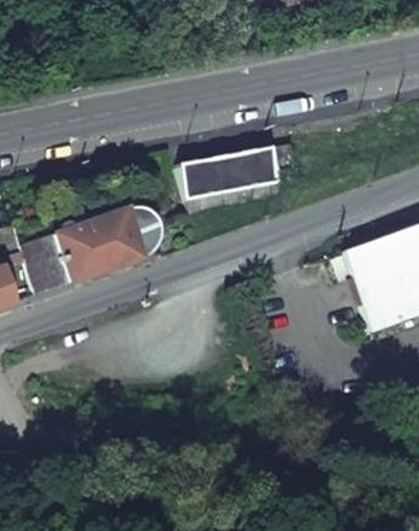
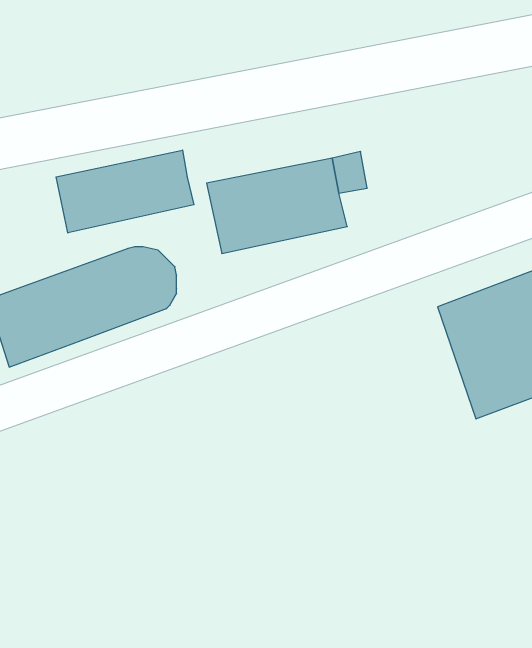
building: none -> [56,150,194,233]

